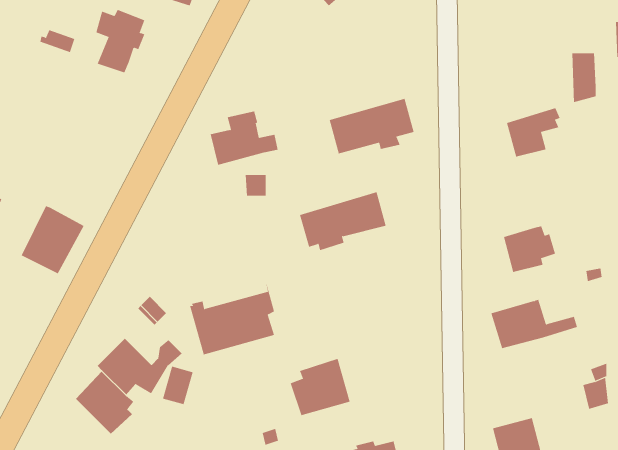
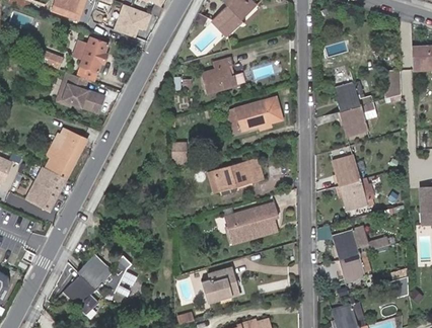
building: none -> [56,72,103,111]
building: none -> [335,82,374,112]
building: [210,111,278,165] -> [200,58,244,93]
building: none -> [45,129,88,179]
building: none -> [334,156,360,186]
building: [189,284,275,355] -> [222,197,278,244]
building: none -> [339,252,371,283]

